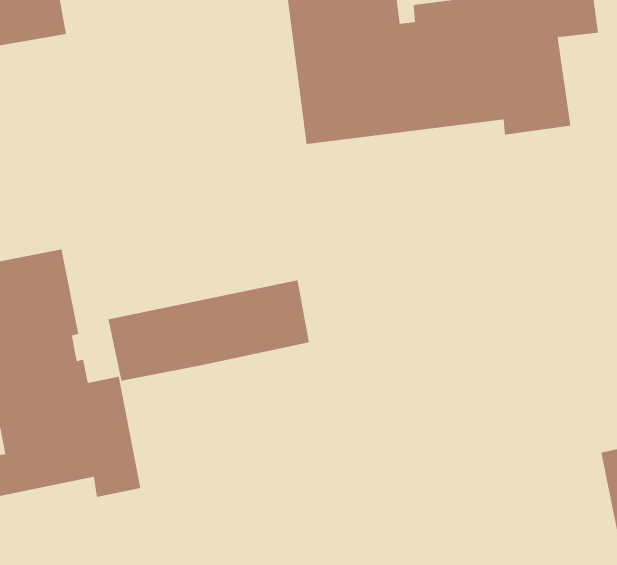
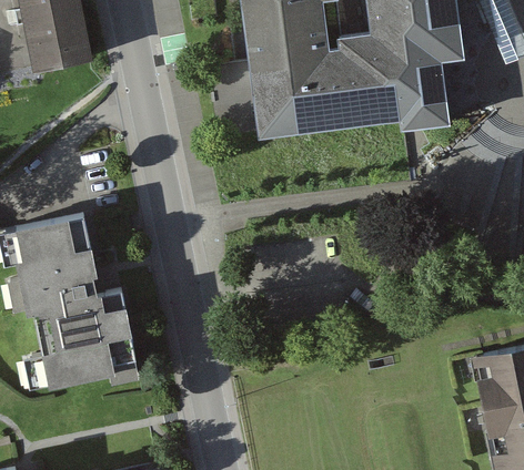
building: [108,280,309,382] -> none

